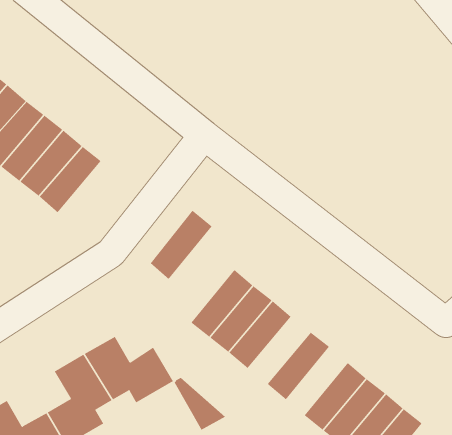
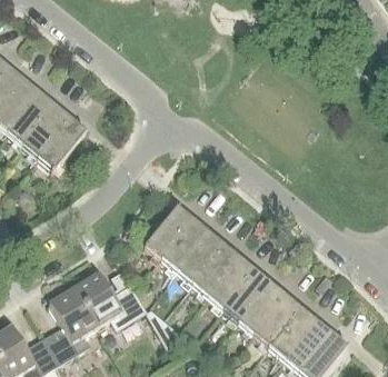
building: [150,210,213,280] -> [146,206,197,262]
building: none -> [208,258,259,312]
building: none -> [239,282,289,338]

